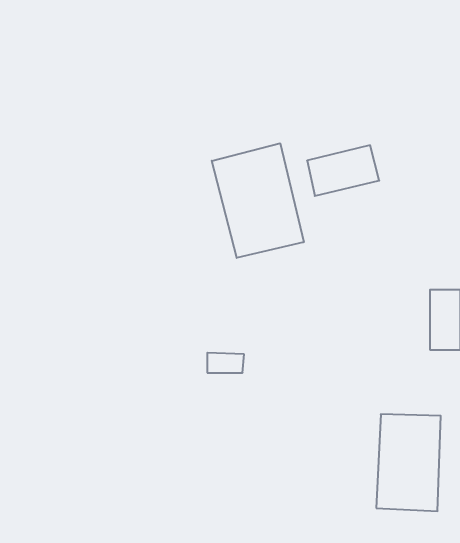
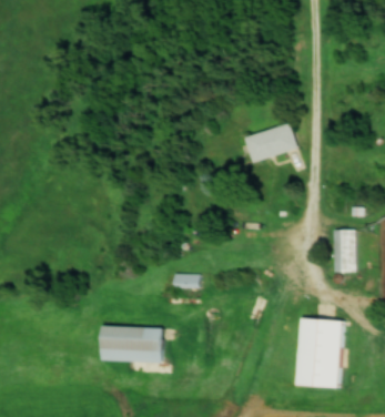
building: [212,143,304,258] -> none
building: none -> [99,327,163,362]

